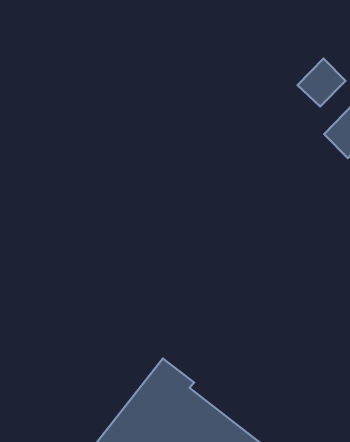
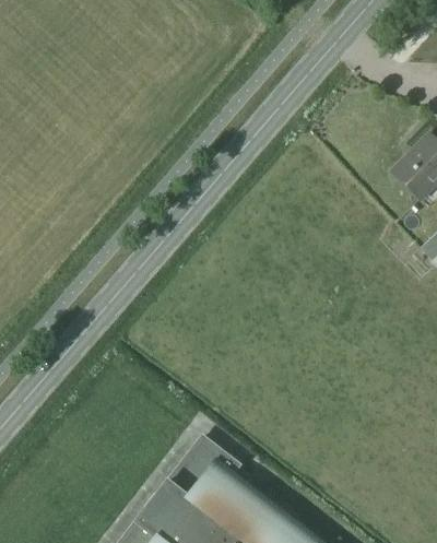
building: [298,59,345,107] -> none

